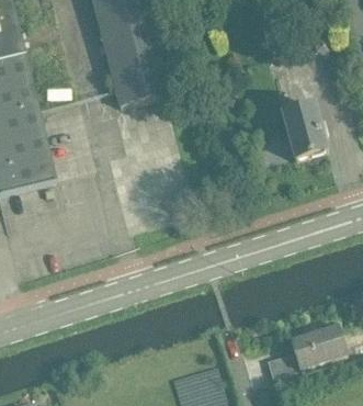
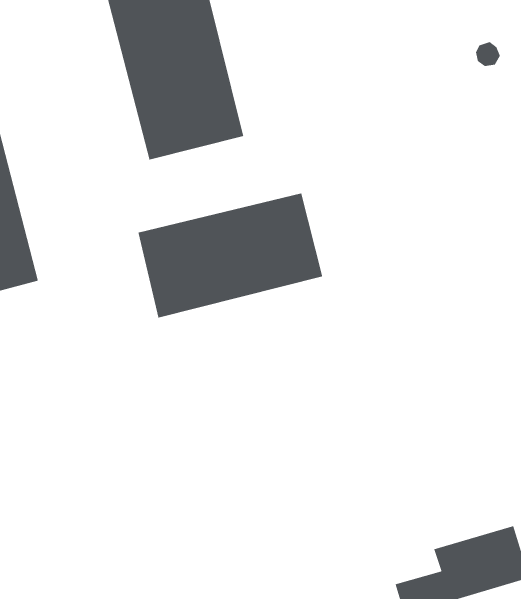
building: [284,103,328,158] -> none
building: none -> [137,193,323,319]

